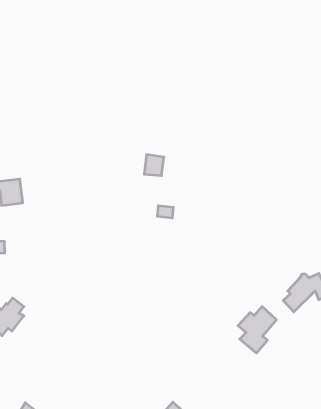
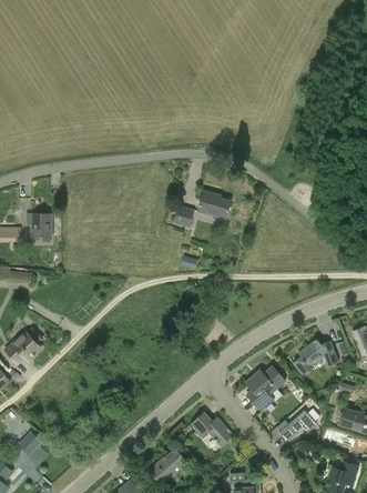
building: none -> [197,190,231,218]
building: none -> [278,408,317,439]
building: none -> [191,411,233,445]

